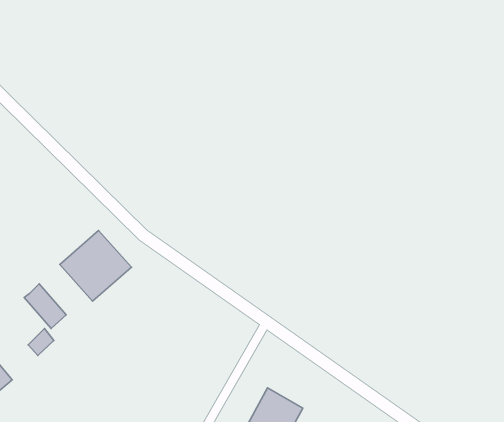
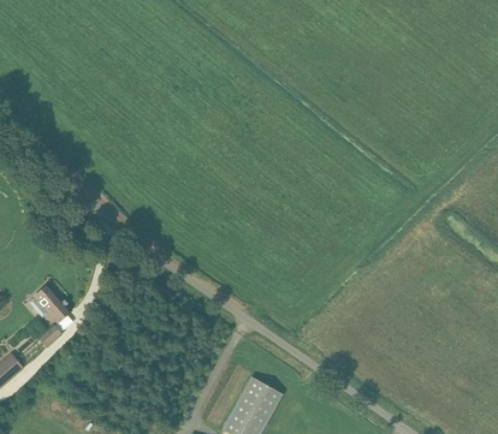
building: [60,231,132,301] -> none

